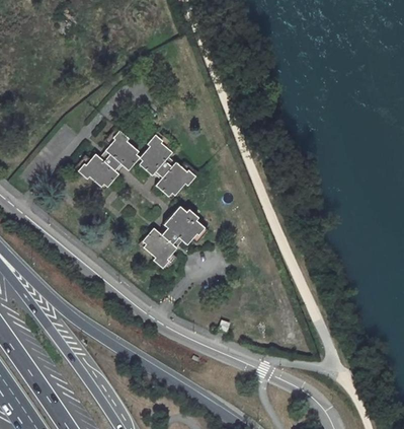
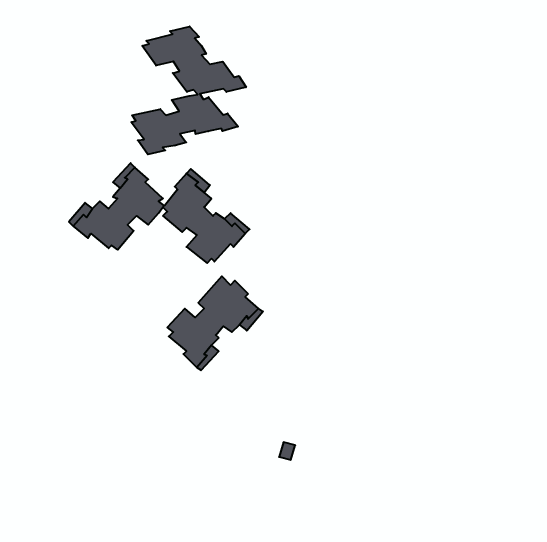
building: none -> [131,26,246,154]

